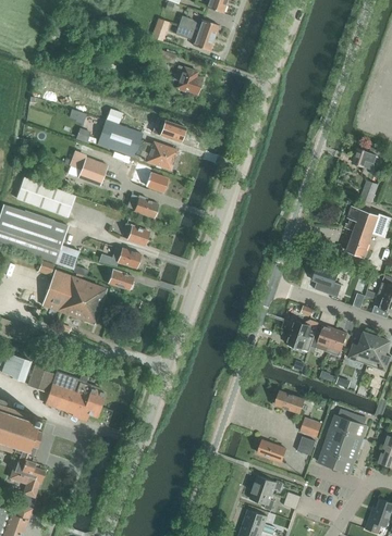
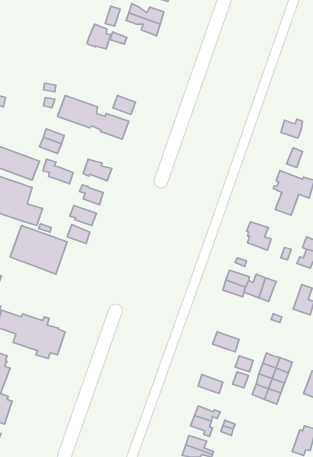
building: [175,66,203,95] -> [87,24,111,49]
building: [133,164,168,192] -> [43,159,73,184]
building: [348,333,377,365] -> none

